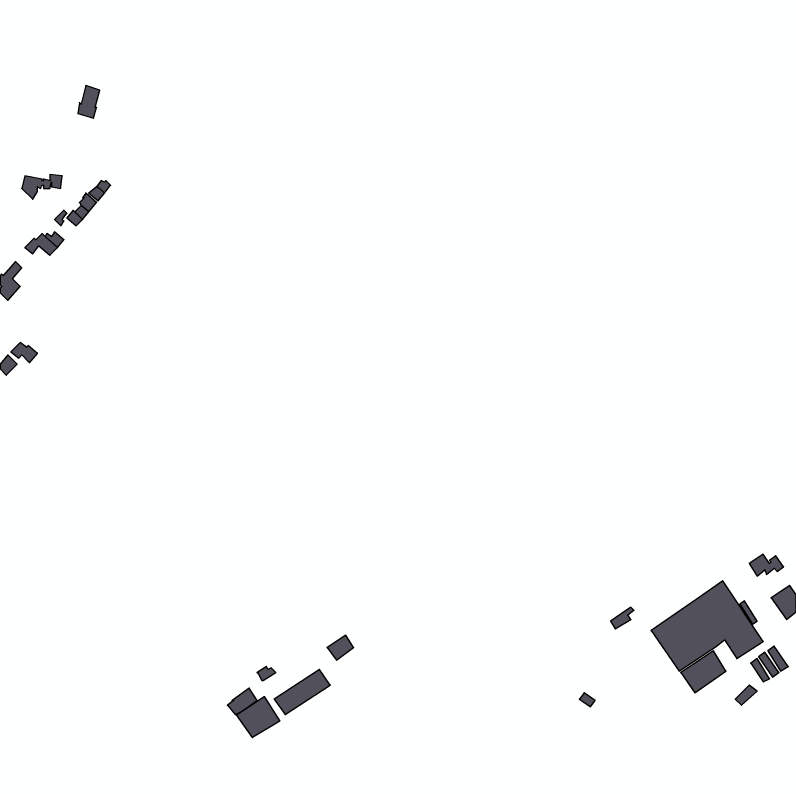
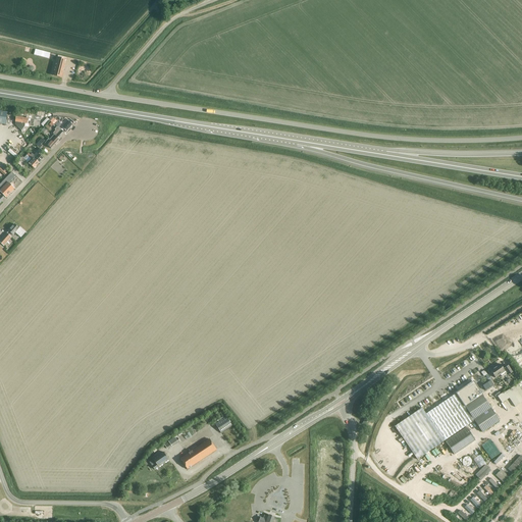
building: none -> [395,407,443,459]
building: [237,697,280,738] -> none

